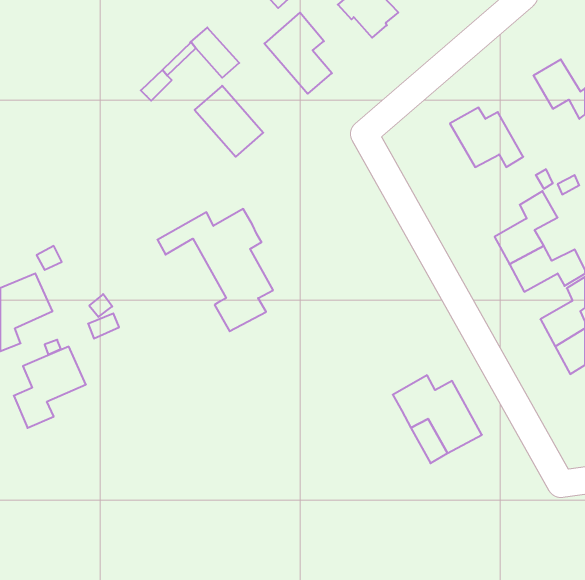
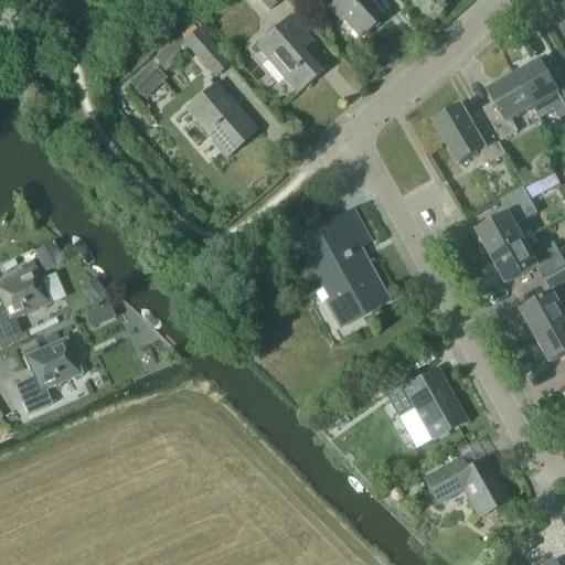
building: none -> [483,73,533,138]
building: [157,209,273,331] -> [269,206,381,324]
building: none -> [424,456,509,515]

